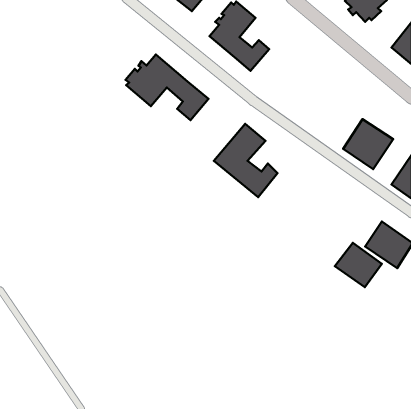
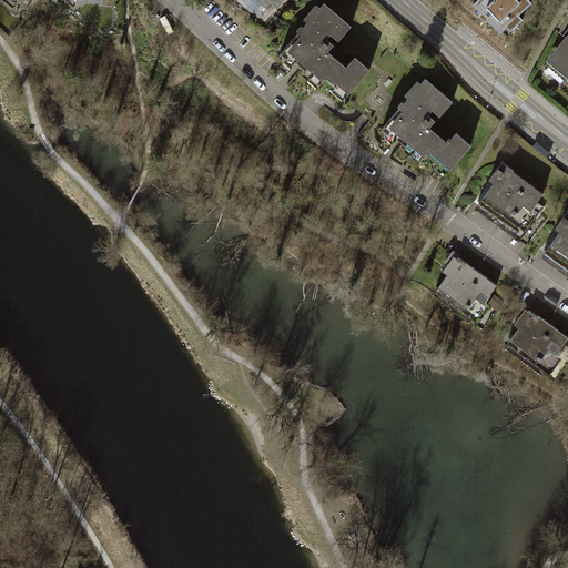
building: [126,54,208,120] -> none
building: [214,124,277,197] -> [385,77,473,178]
building: [335,243,382,287] -> [433,253,497,314]

